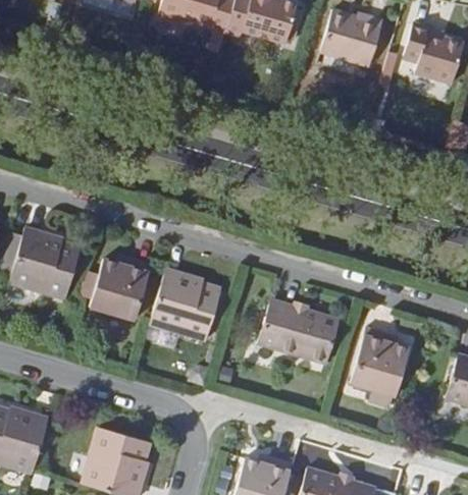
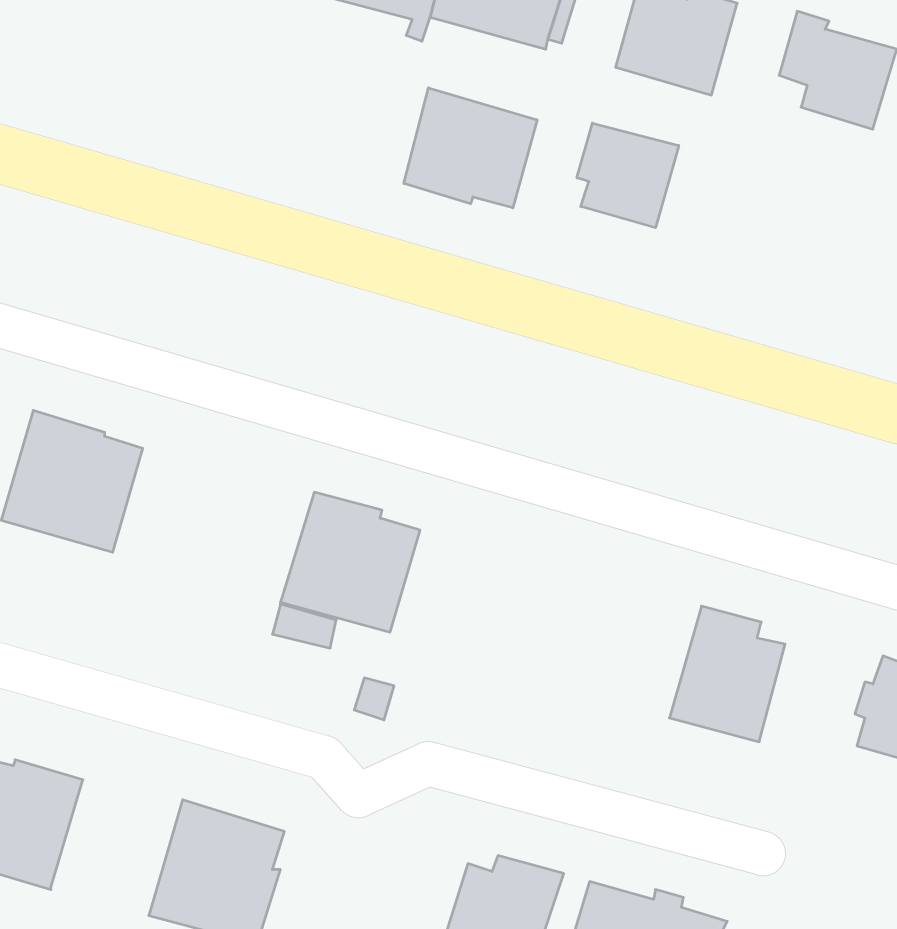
building: none -> [404,88,537,208]
building: none -> [577,123,679,228]
building: [89,256,150,320] -> none
building: [255,299,337,365] -> none

